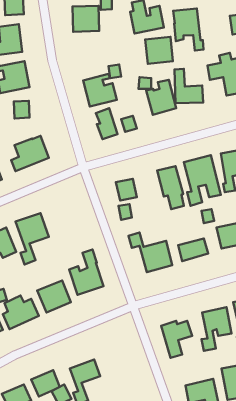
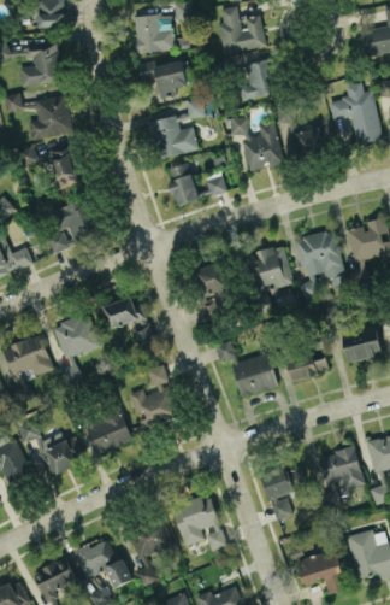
building: [173,8,204,51] -> none
building: none -> [136,60,187,98]
building: none -> [102,294,150,343]
building: none -> [171,493,225,550]

